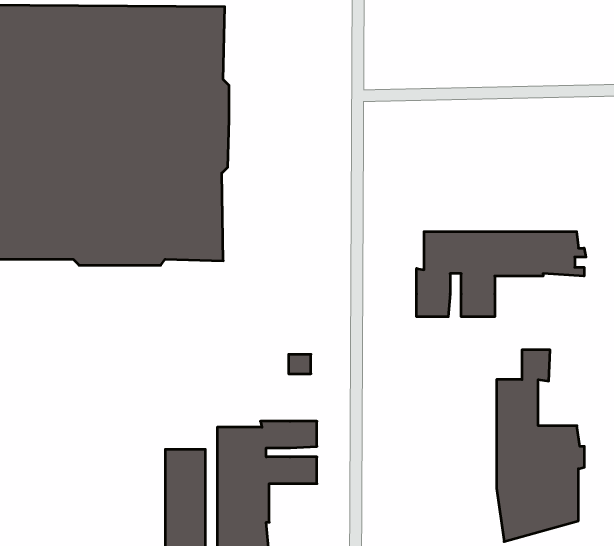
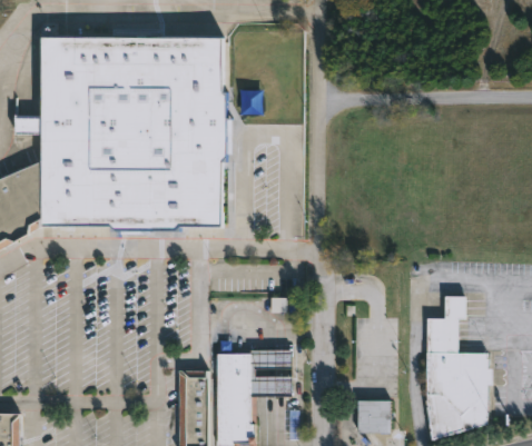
building: [417,232,586,317] -> none
building: none -> [357,399,390,430]

